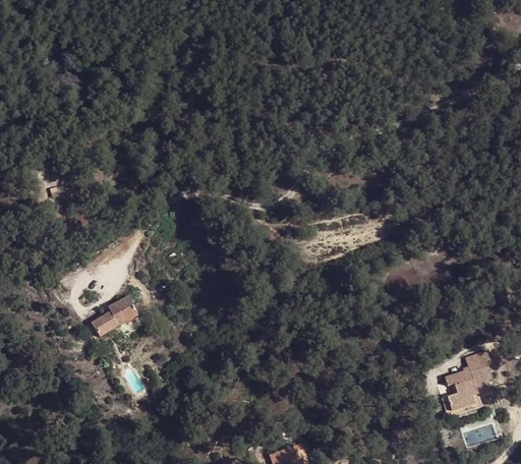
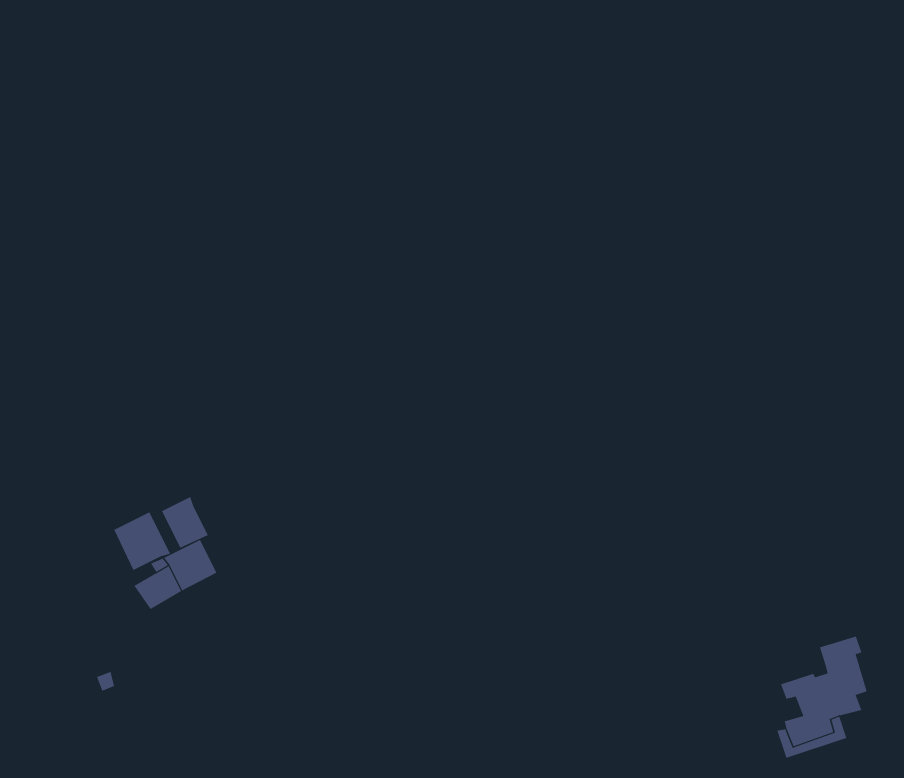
building: none -> [161,496,209,549]
building: none -> [113,511,171,571]

